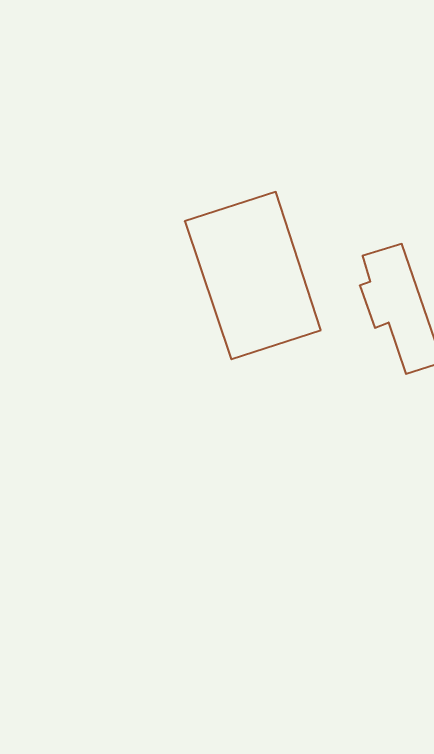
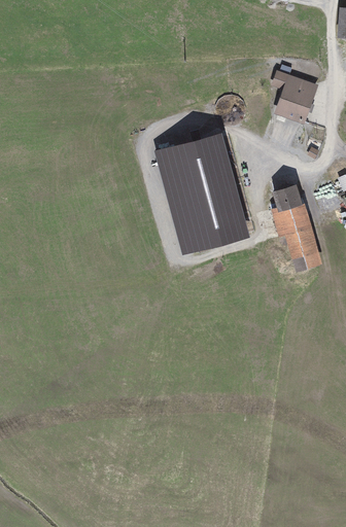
building: none -> [271,69,318,124]

